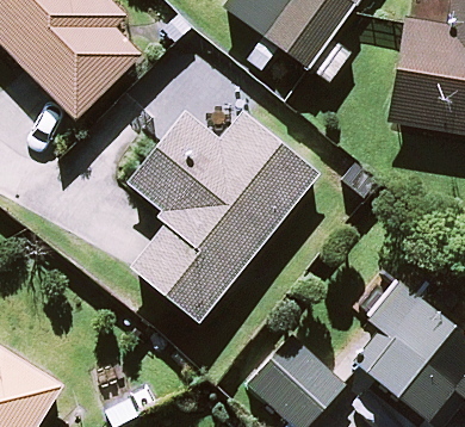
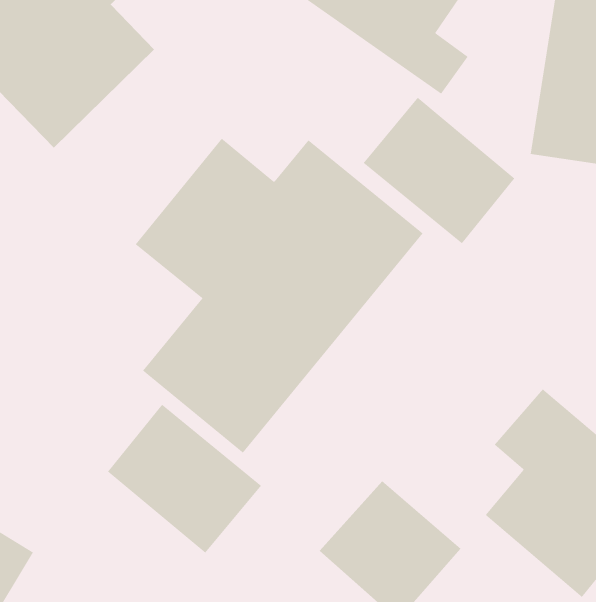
building: none -> [363,97,515,244]
building: none -> [107,404,262,553]

